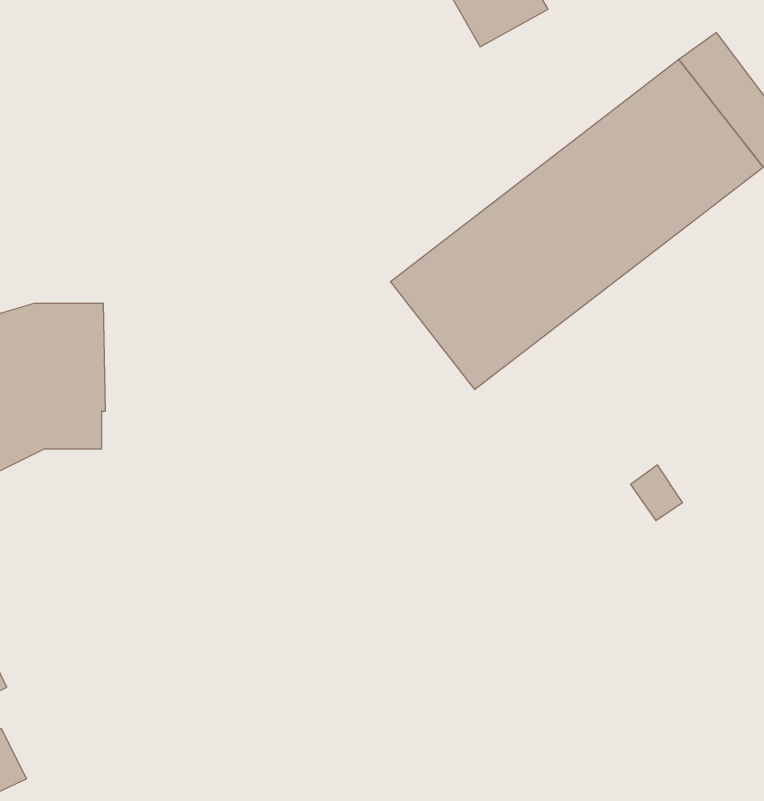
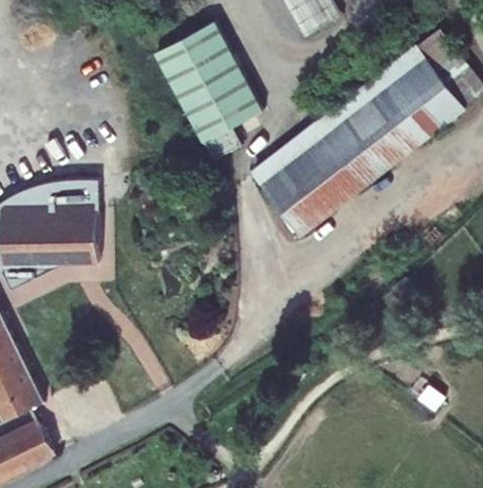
building: none -> [157,18,264,159]

